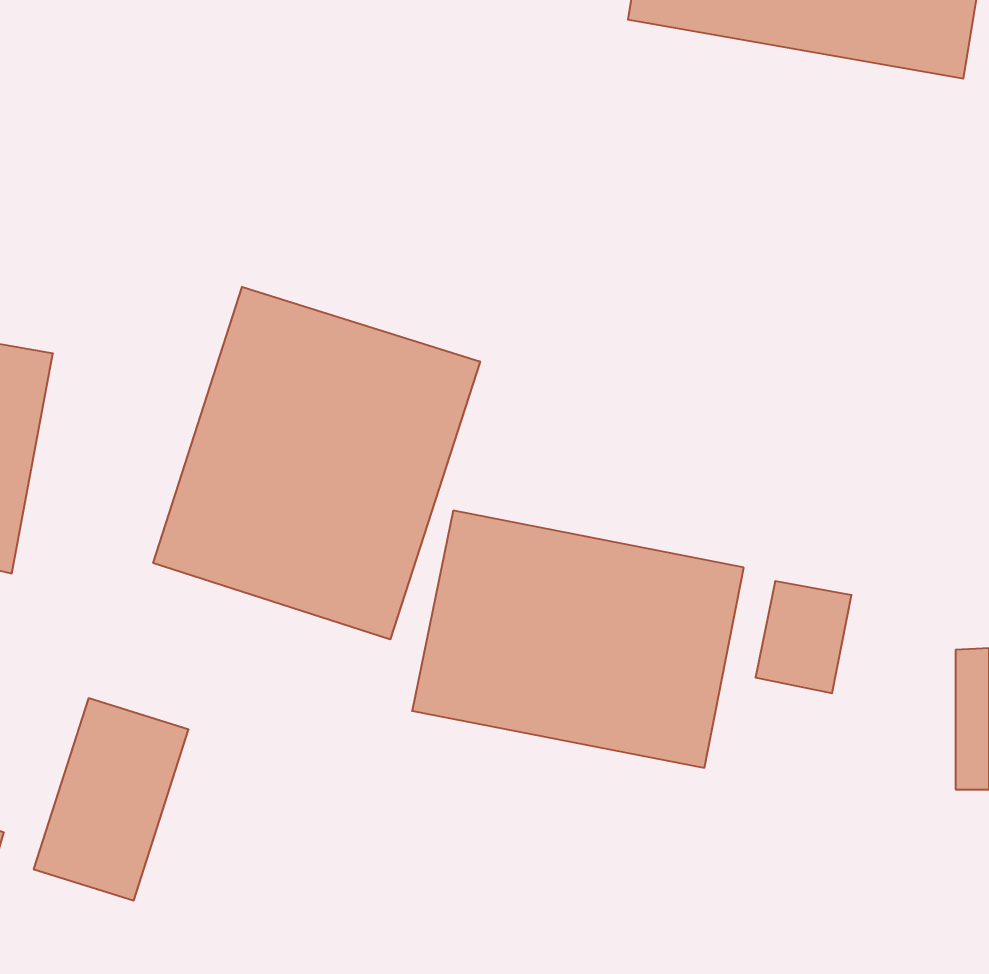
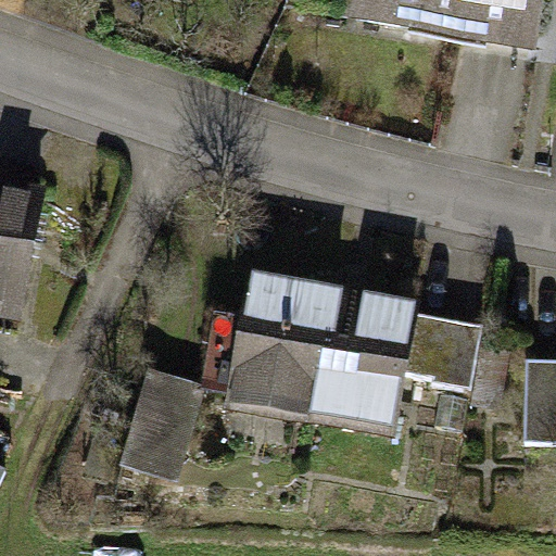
building: [153,287,480,639] -> none
building: [34,698,189,901] -> [122,364,207,476]

